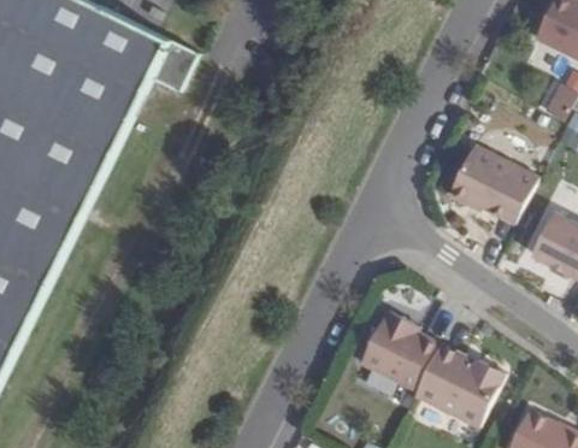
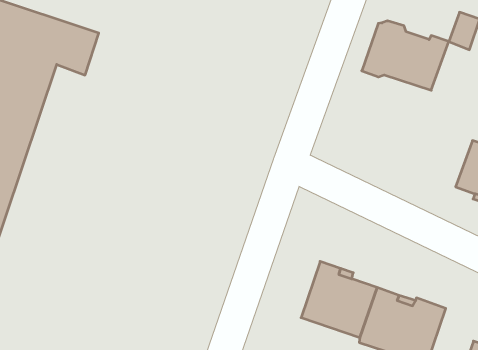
building: [447,148,537,223] -> [362,21,449,90]

